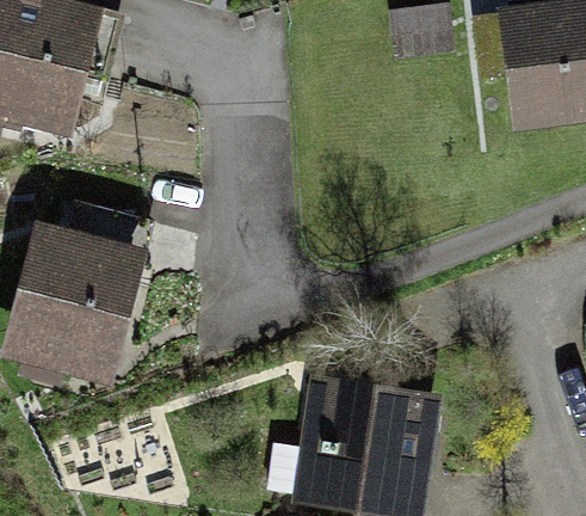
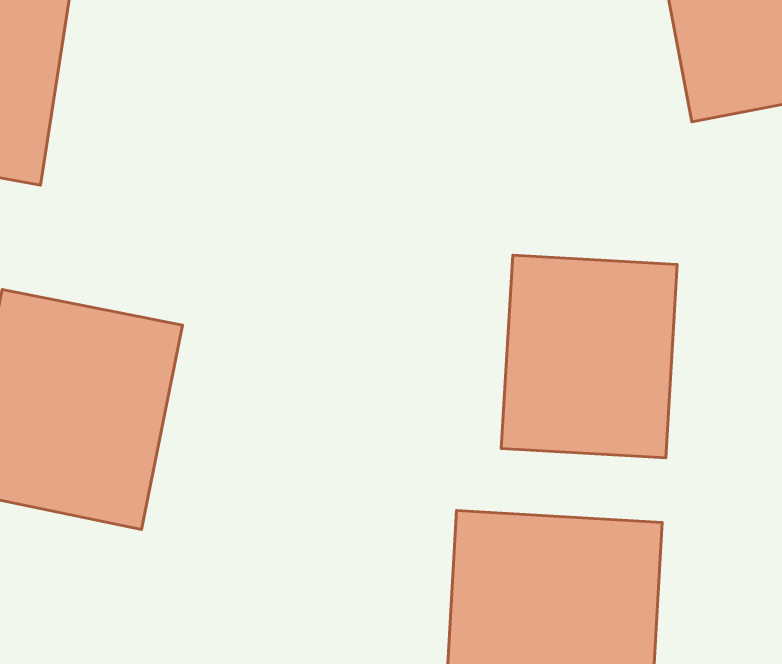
building: none -> [501,255,677,458]

